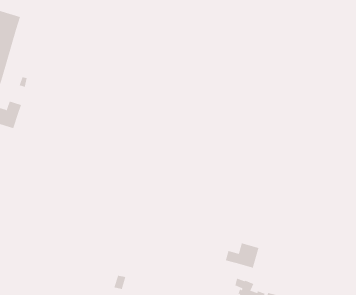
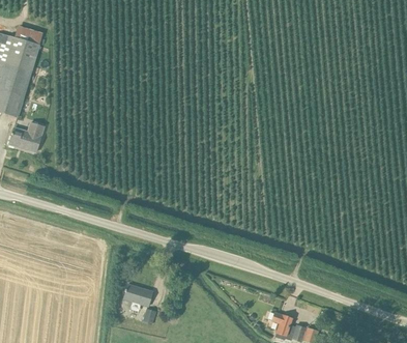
building: [225,243,259,269] -> none
building: none -> [122,284,152,307]

